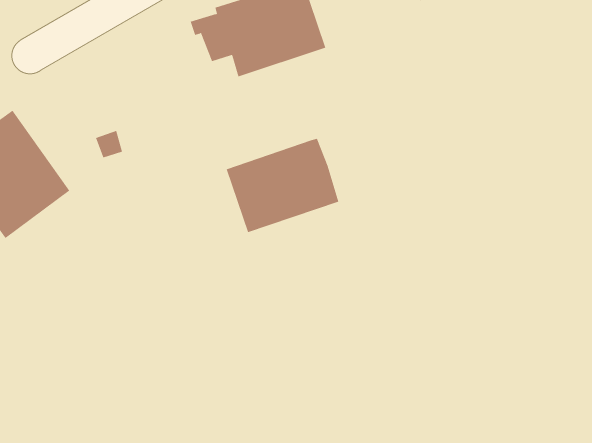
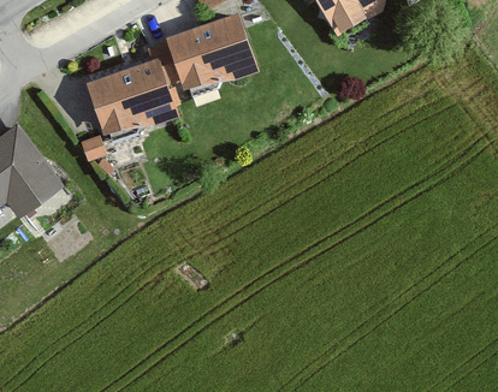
building: [226,138,339,233] -> [89,59,177,132]

